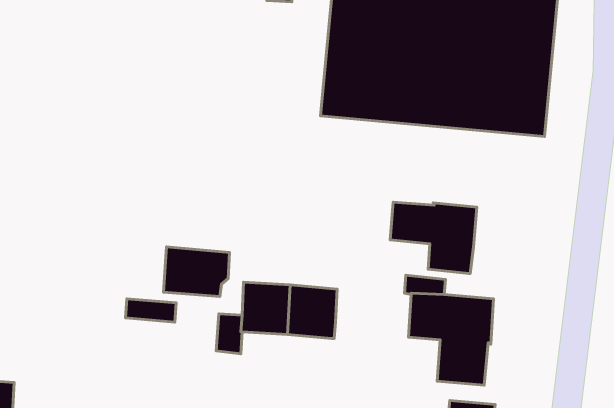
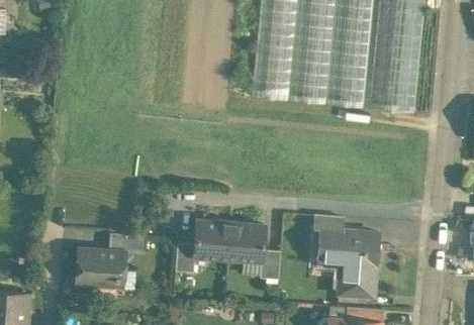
building: [390,202,477,274] -> none
building: [164,247,230,296] -> [75,248,123,285]
building: none -> [259,249,279,279]

